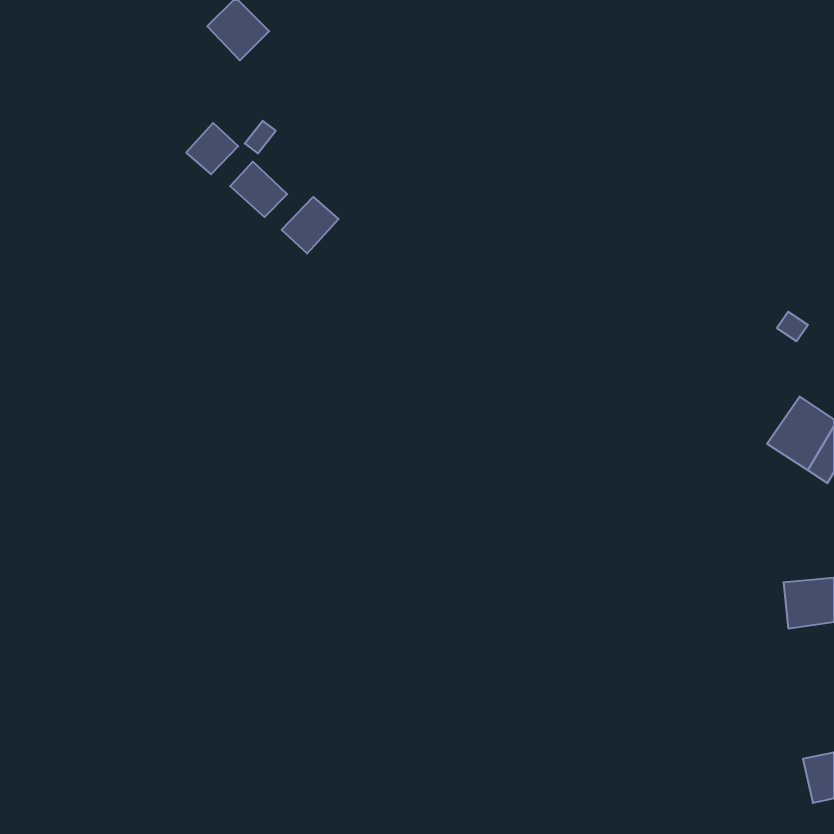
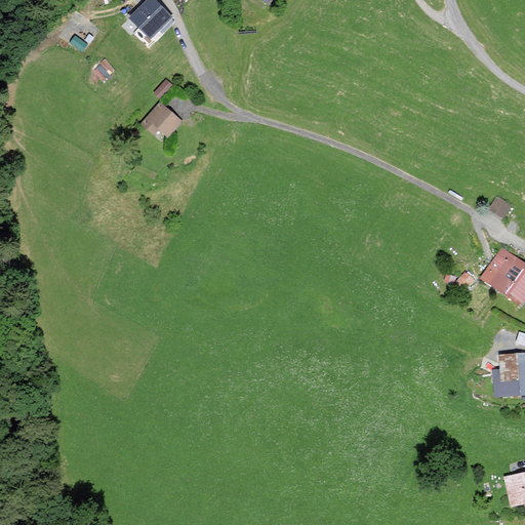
building: [186,123,238,174] -> none
building: [282,197,339,254] -> none

